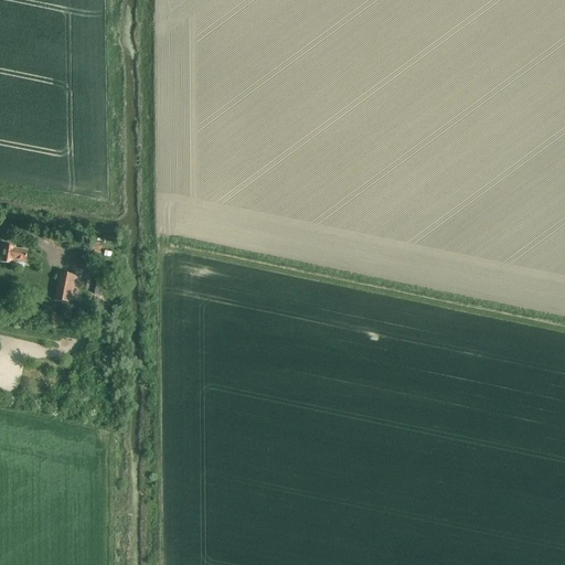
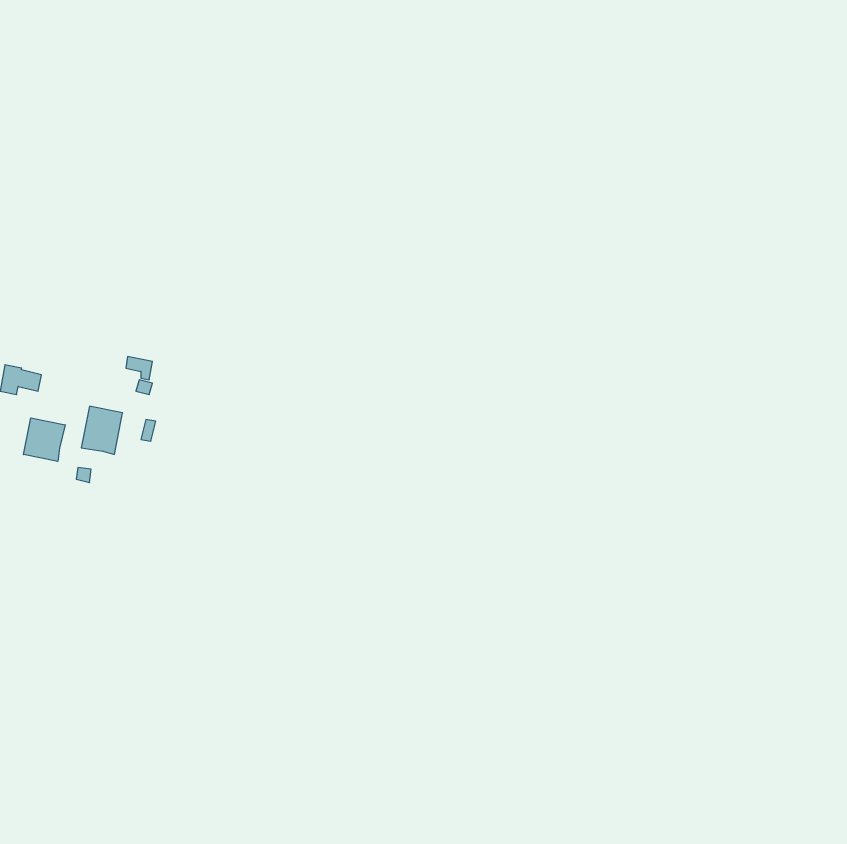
building: none -> [24,418,65,461]

